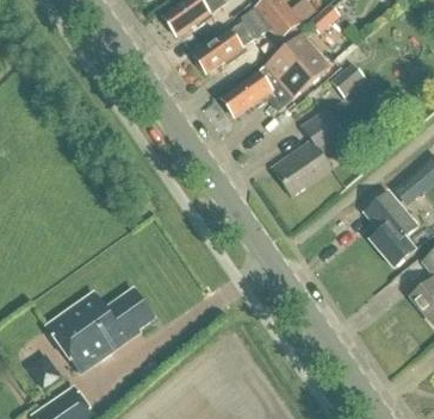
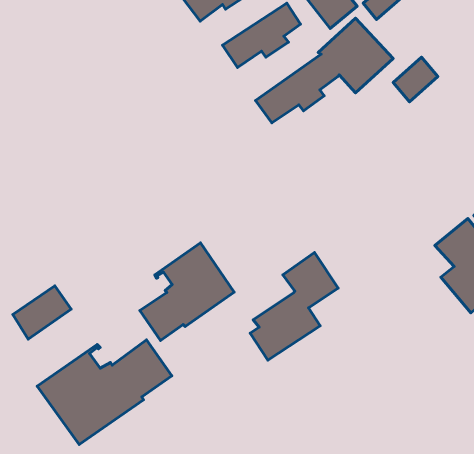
building: [277,107,347,193] -> [250,252,338,360]
building: none -> [140,243,234,341]
building: none -> [13,286,71,339]

